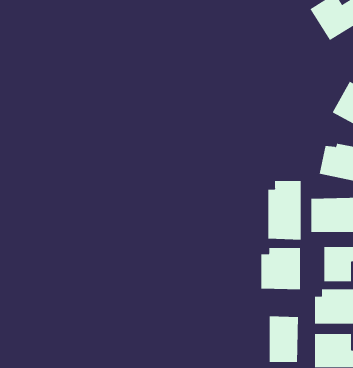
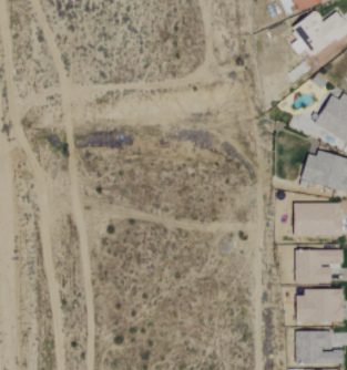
building: [268,180,301,241] -> none
building: [261,247,300,290] -> none
building: [269,316,298,363] -> none

